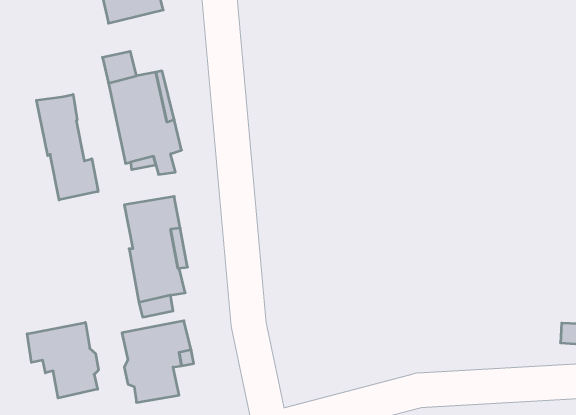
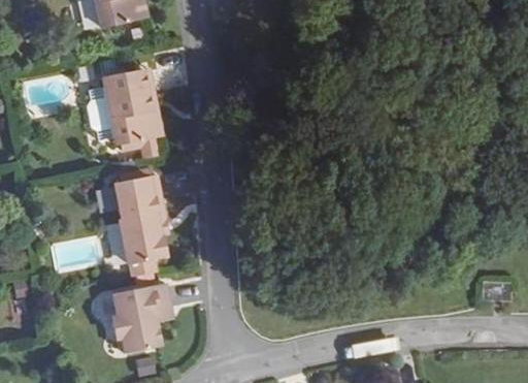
building: [36,94,98,200] -> none
building: [27,322,98,398] -> none

